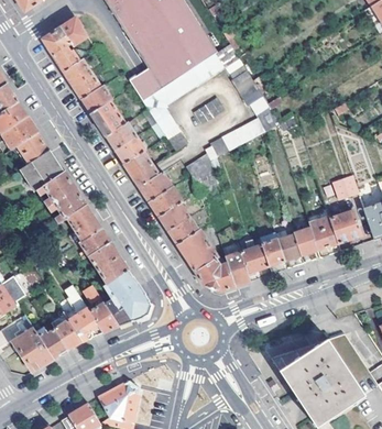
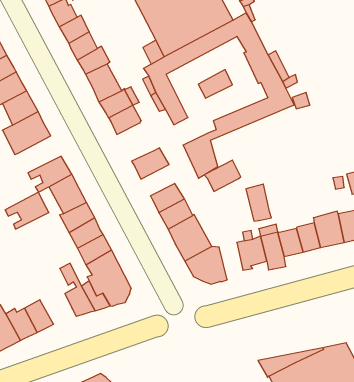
building: [123,152,157,187] -> none
building: [35,171,75,206] -> [5,192,49,229]
building: [149,187,182,217] -> [204,160,241,191]
building: [225,252,250,286] -> [246,184,271,221]
building: [67,307,97,340] -> none

